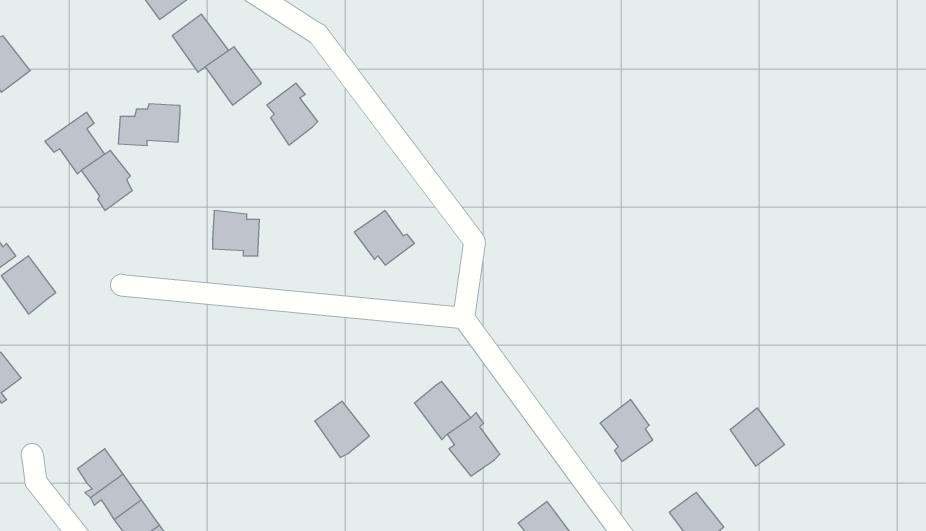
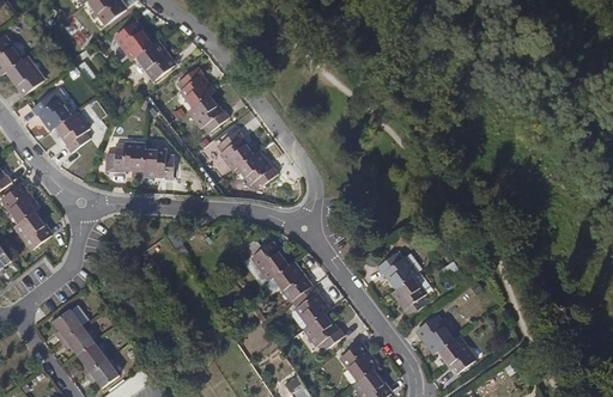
building: none -> [6,56,42,93]
building: [118,104,180,146] -> [101,145,141,172]
building: none -> [186,96,226,132]
building: none -> [214,128,249,169]
building: none -> [14,208,50,245]
building: none -> [380,251,419,287]
building: [315,401,369,458] -> [251,243,287,280]
building: [730,408,785,466] -> [419,314,455,353]
building: none -> [306,314,345,349]

